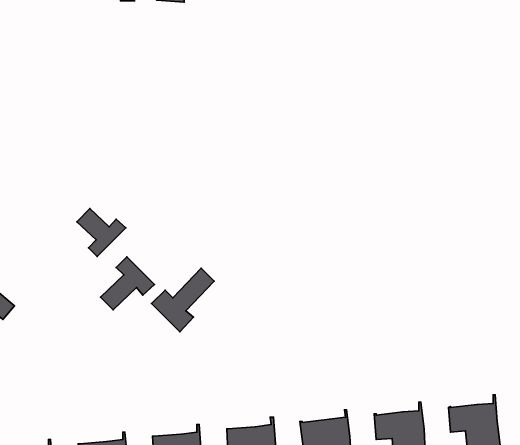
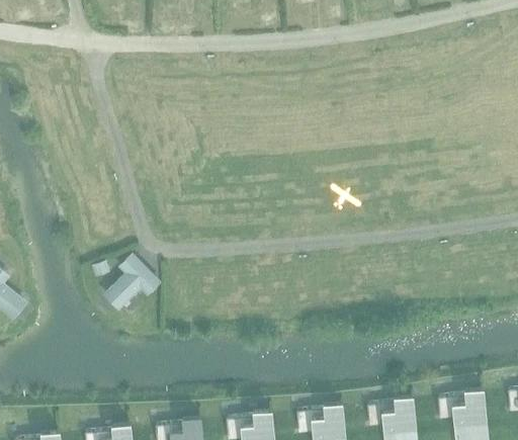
building: [77,208,126,256] -> none
building: [152,268,214,332] -> none

